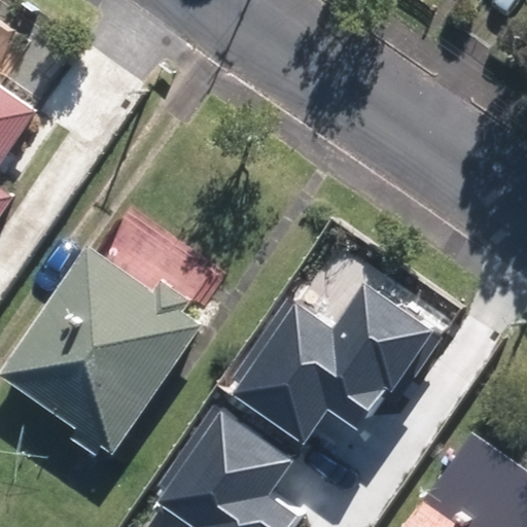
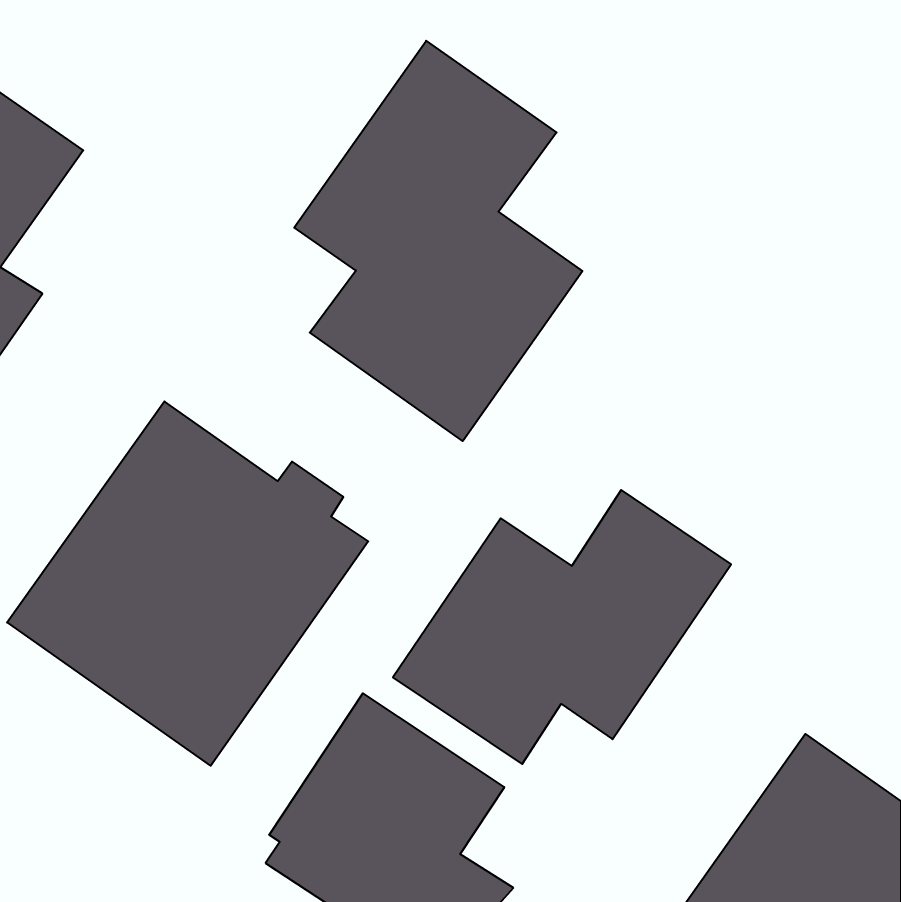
building: none -> [294,41,582,441]

